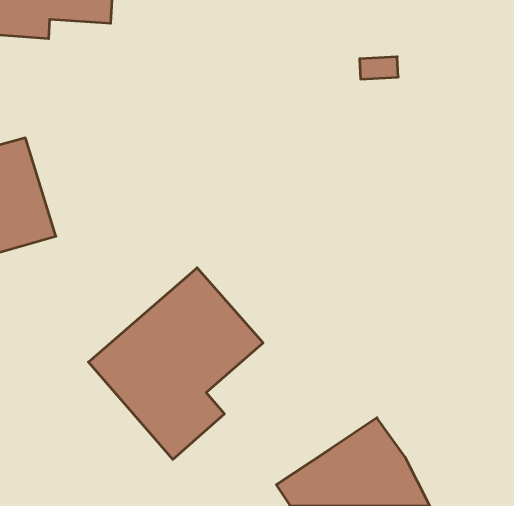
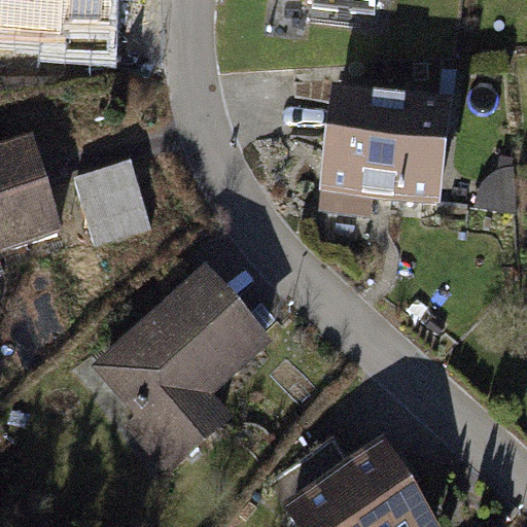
building: none -> [318,93,445,216]
building: none -> [67,156,157,249]

